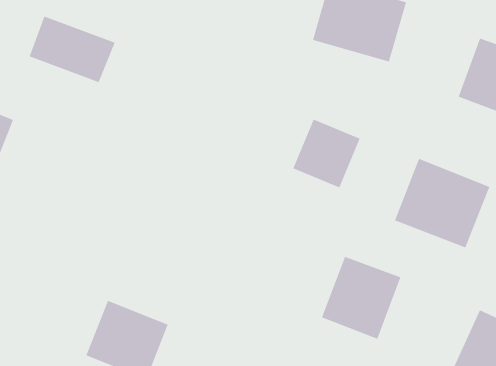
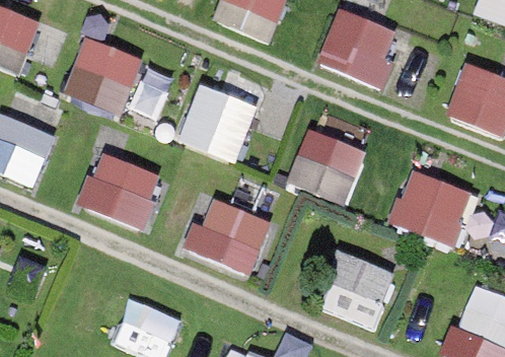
building: none -> [177,87,257,163]
building: none -> [78,153,163,232]
building: none -> [188,198,271,275]

